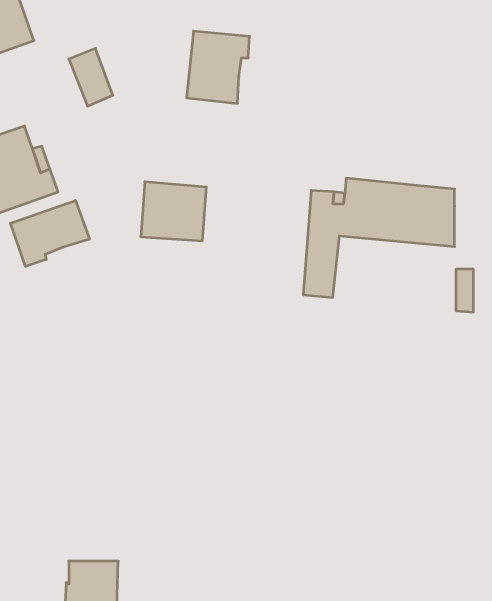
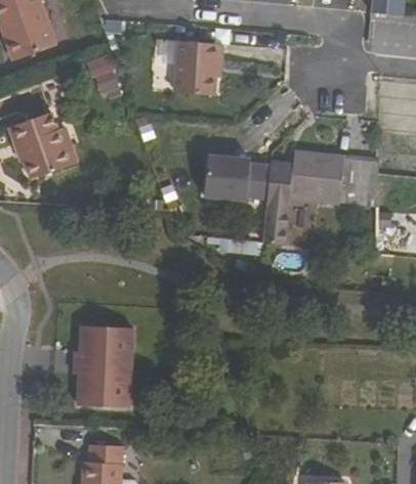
building: [141,182,206,241] -> [203,153,253,199]
building: [10,200,89,266] -> none
building: none -> [81,327,138,408]

